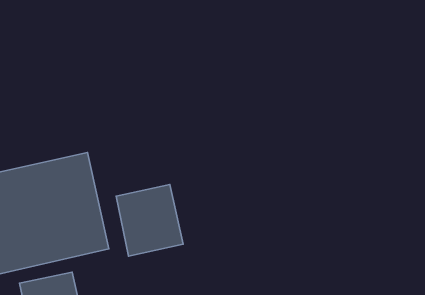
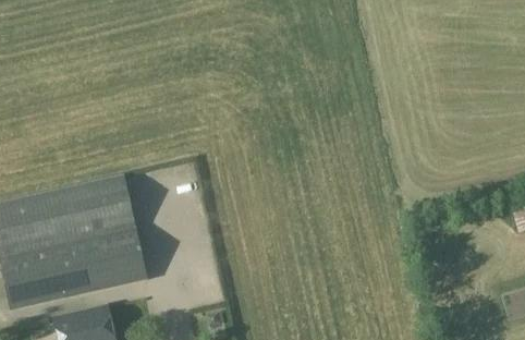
building: [116,185,183,256] -> none

